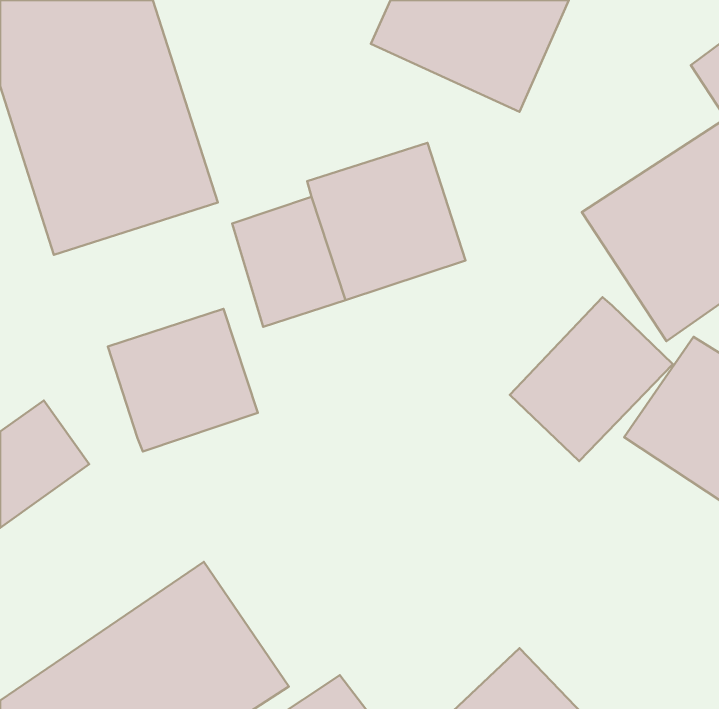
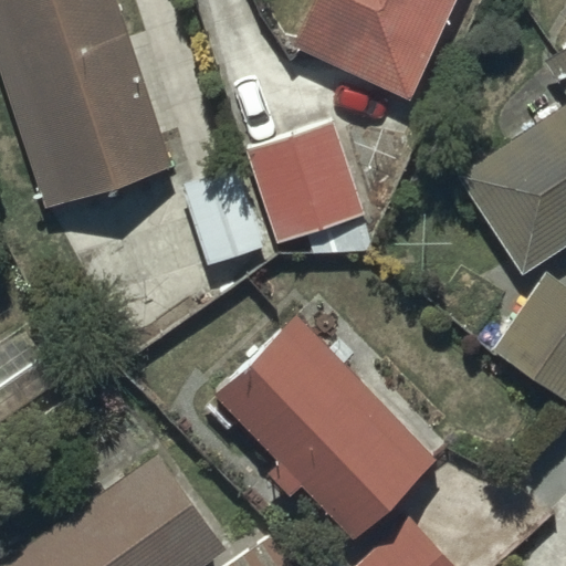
building: [510,297,673,461] -> none
building: [108,309,258,452] -> none
building: none -> [216,316,433,535]

